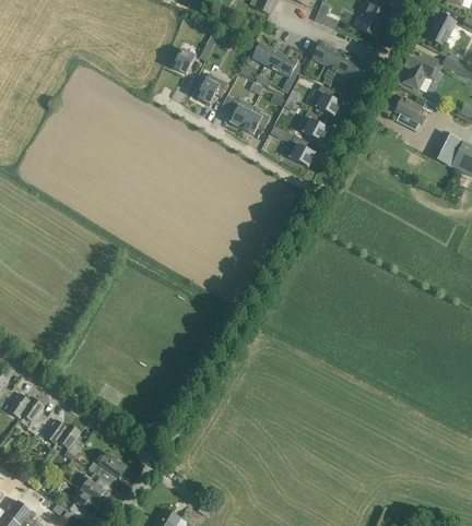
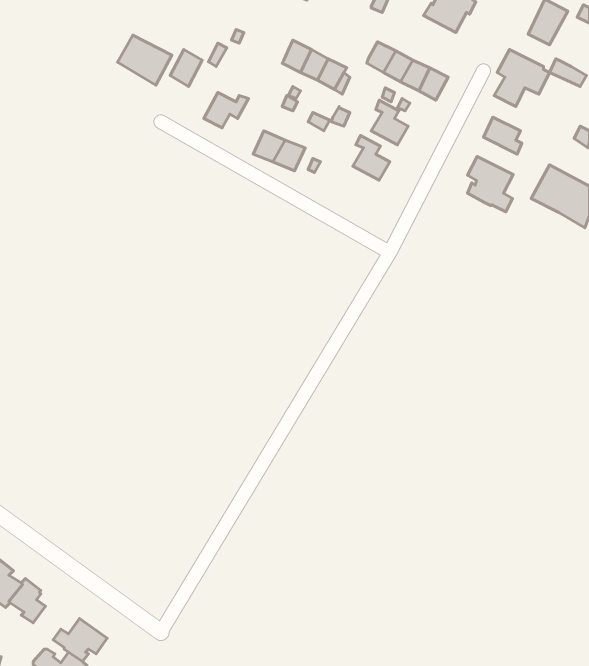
building: none -> [118,35,172,85]
building: none -> [468,157,513,212]
building: [288,134,315,166] -> none

